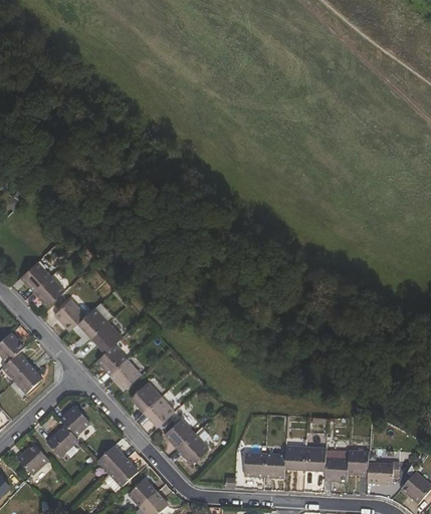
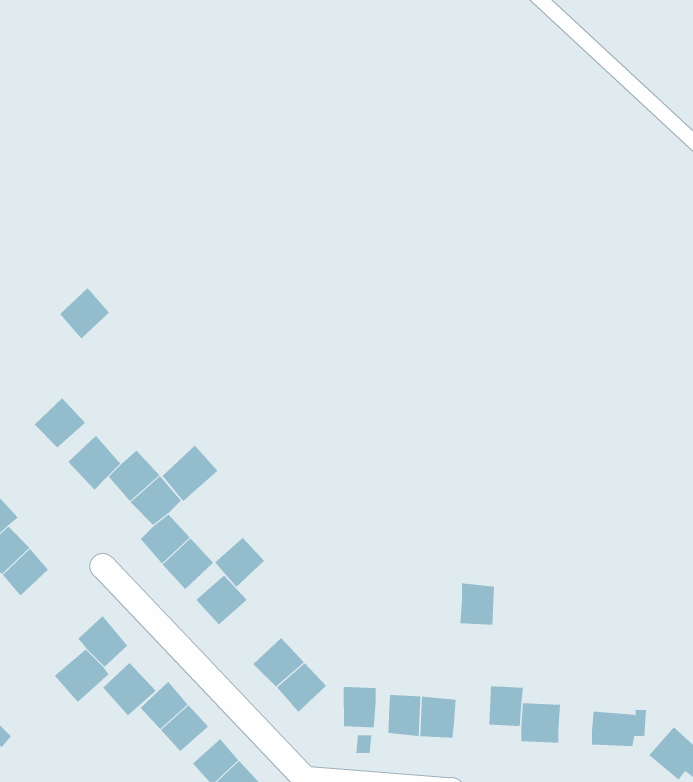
building: [20,260,50,291] -> [59,287,110,339]
building: none -> [162,445,218,502]
building: [144,396,174,426] -> [214,537,265,588]
building: [17,442,49,474] -> [103,662,156,716]
building: [284,445,305,470] -> [459,583,495,625]
building: none -> [343,686,376,728]
building: [347,450,368,474] -> none

